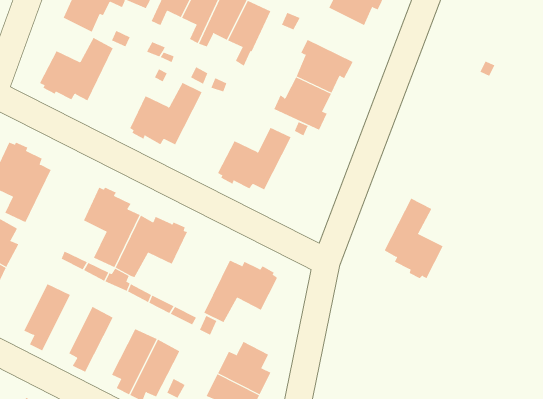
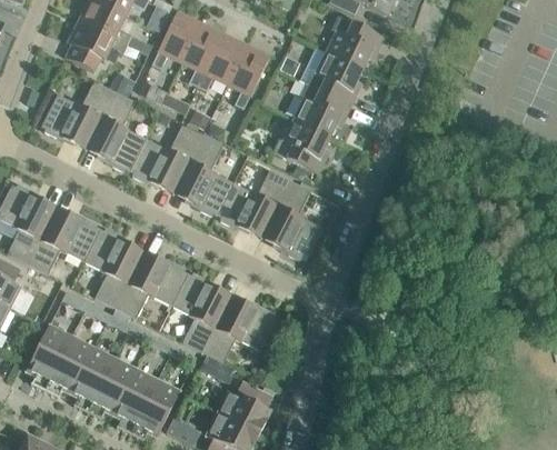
building: none -> [306,51,362,104]
building: none -> [89,91,146,171]
building: none -> [176,134,233,216]
building: none -> [28,211,100,274]
building: [384,198,444,279] -> [263,179,322,259]
building: none -> [172,272,229,352]
building: none -> [44,334,93,397]
building: none -> [87,357,136,418]

